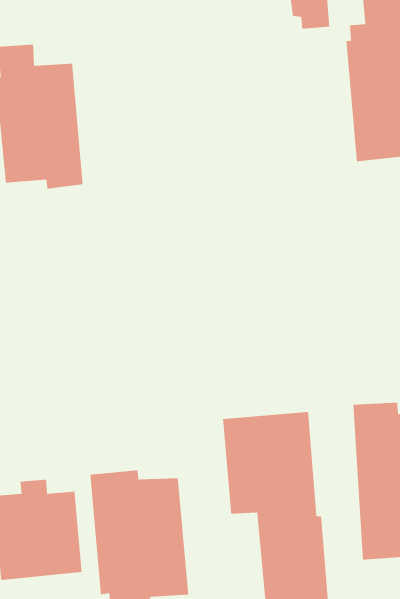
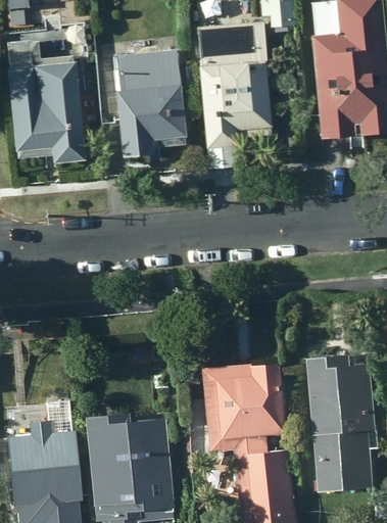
building: none -> [197,27,272,152]
building: none -> [113,52,186,161]

